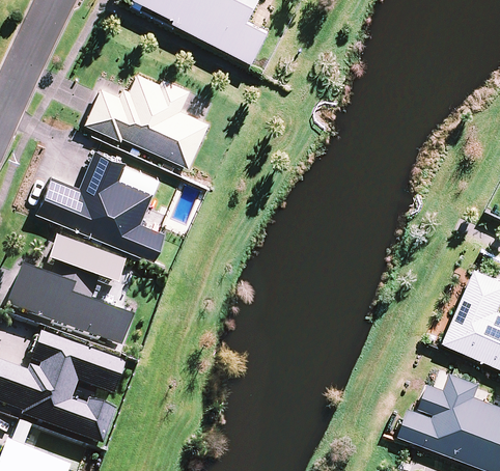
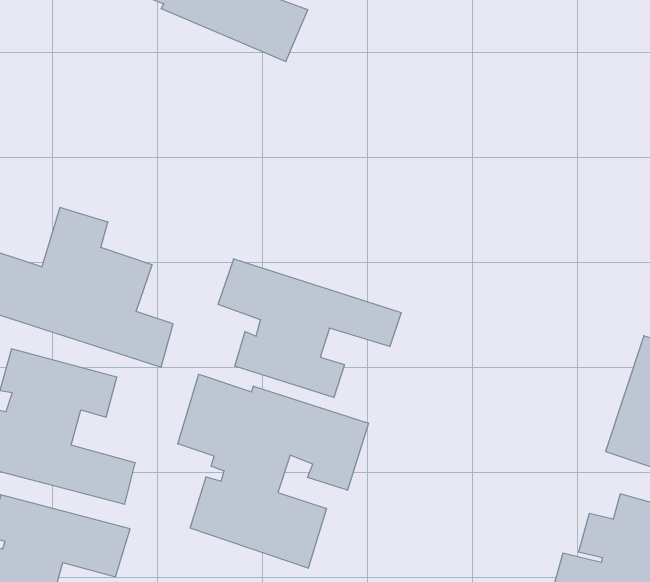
building: [82,74,207,168] -> none
building: none -> [218,259,401,398]
building: none -> [178,374,368,568]

